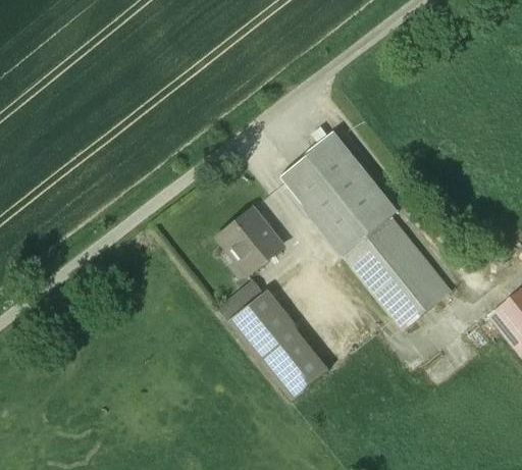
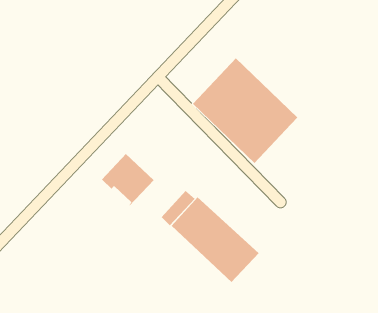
building: [218,208,282,273] -> [101,153,154,207]
building: [342,218,450,333] -> none

